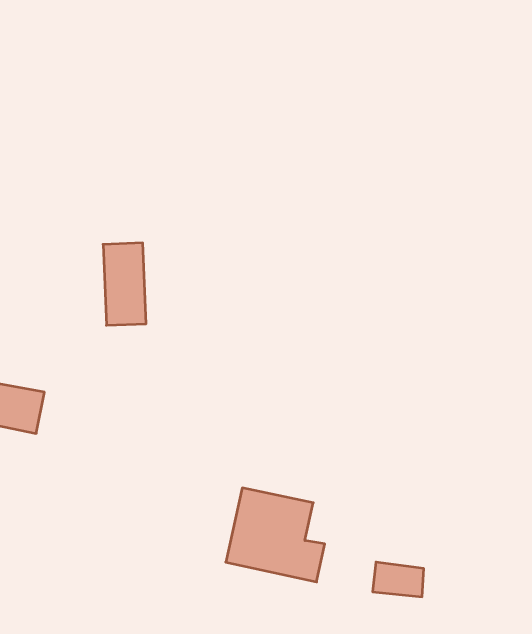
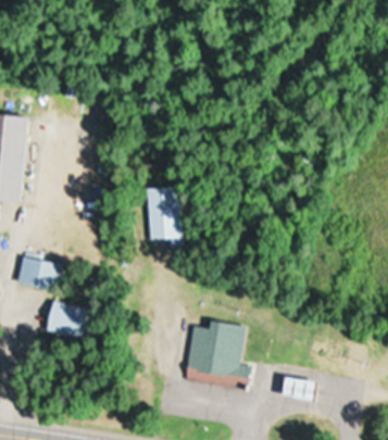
building: [103,243,146,325] -> [149,187,177,241]
building: none -> [43,298,92,339]

